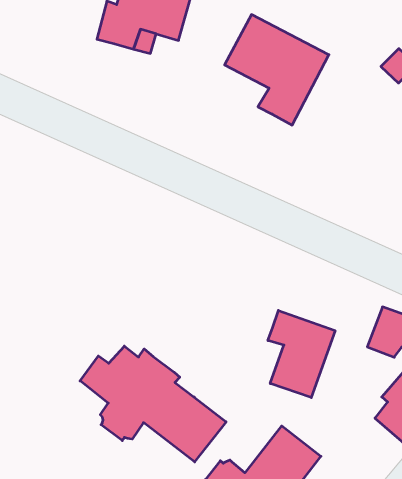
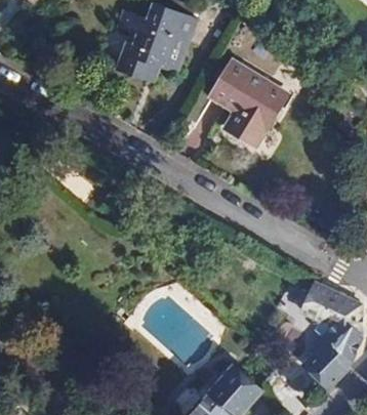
building: [268,310,335,398] -> none
building: [80,346,226,462] -> none

